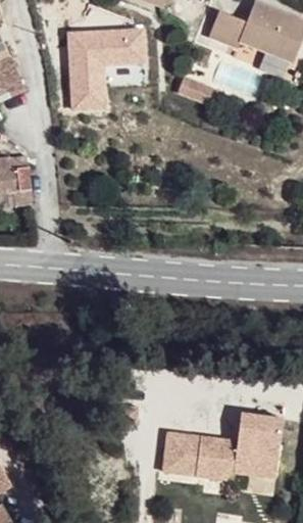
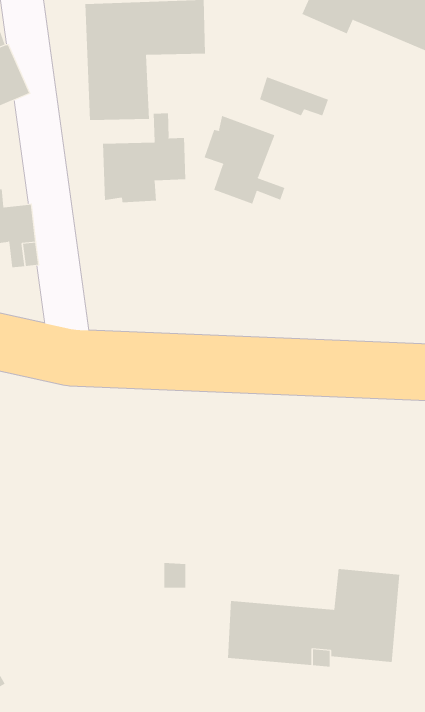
building: none -> [102,112,186,203]
building: none -> [204,115,285,205]

